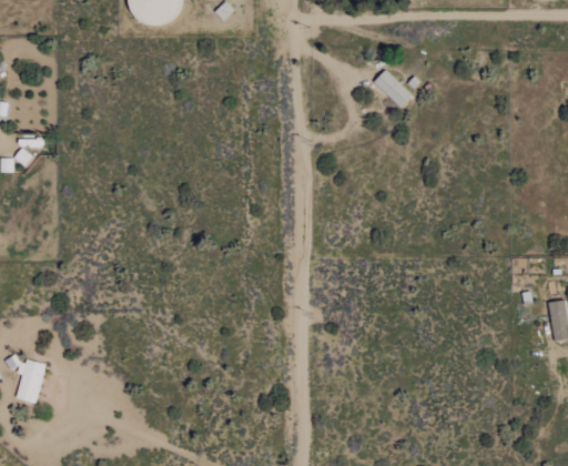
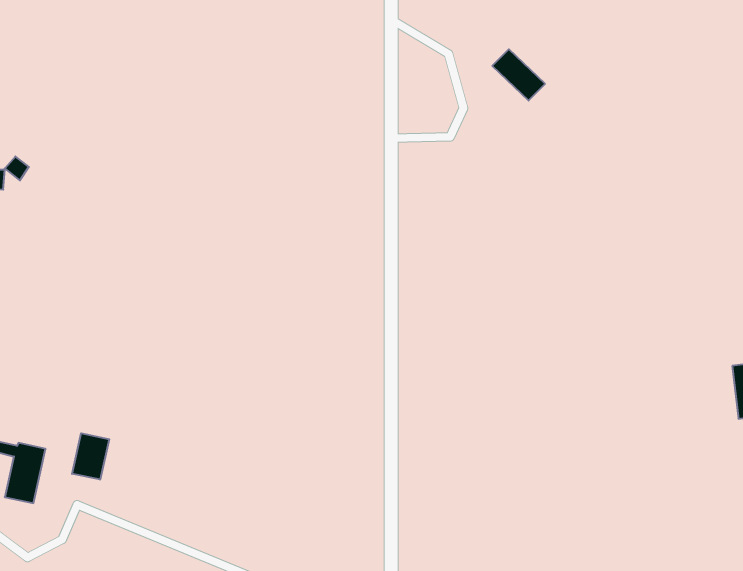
building: none -> [72,433,109,480]

